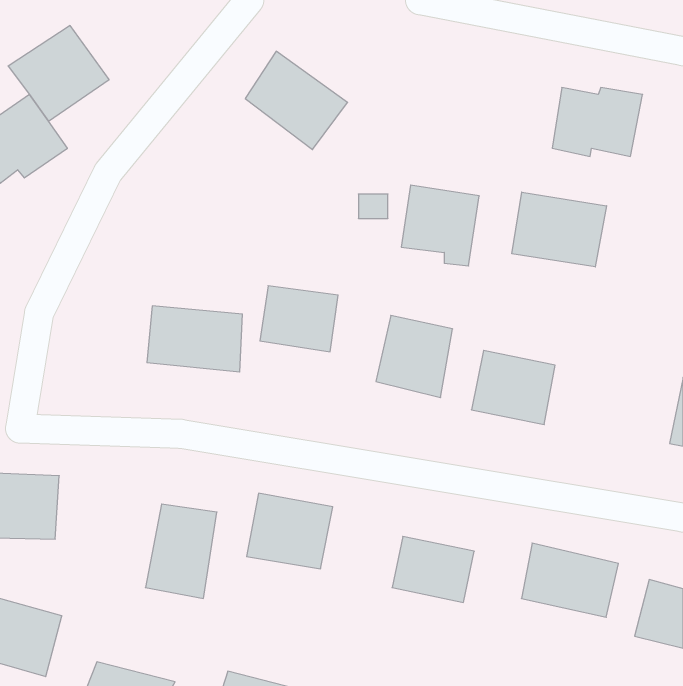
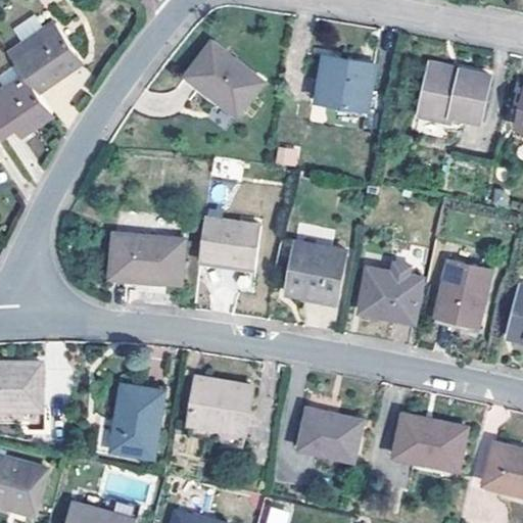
building: [401,185,479,266] -> [315,54,374,115]
building: [512,192,607,267] -> none
building: none -> [433,262,490,327]

